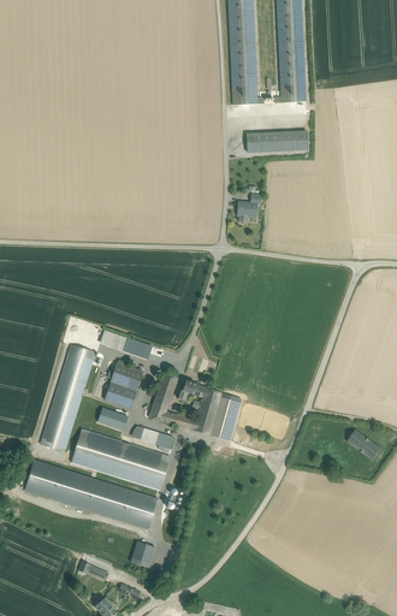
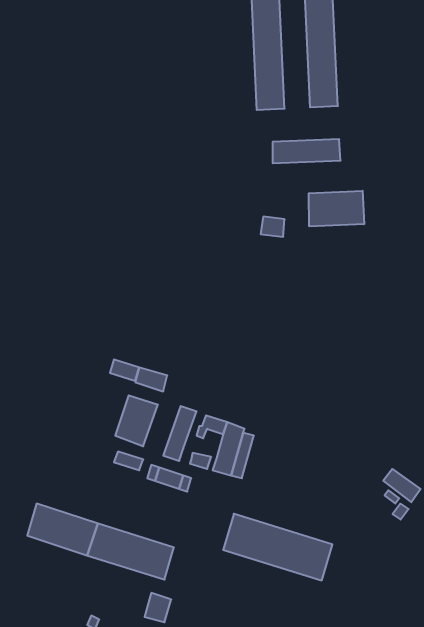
building: none -> [309,191,364,226]
building: [41,345,94,451] -> none
building: [71,430,170,490] -> [223,514,332,580]

